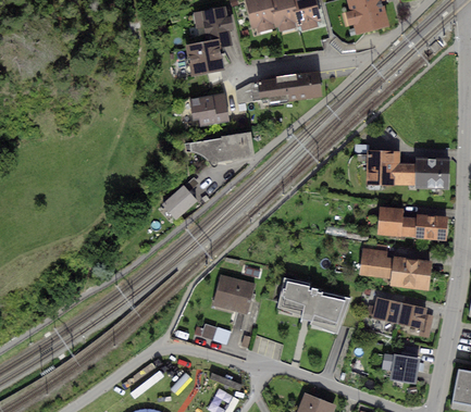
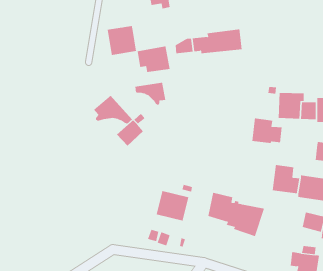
building: [186,39,224,77] -> [107,25,137,55]
building: [221,132,255,161] -> none
building: none -> [93,95,133,125]
building: [376,205,416,238] -> [252,118,282,144]
building: [367,297,401,322] -> none

